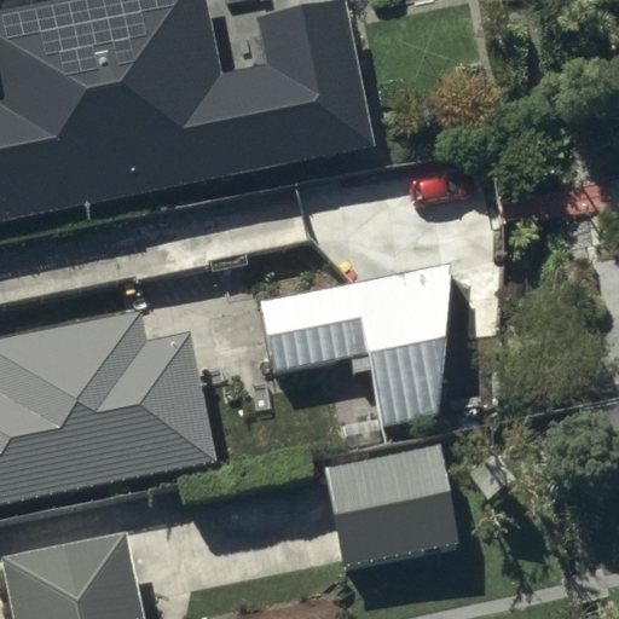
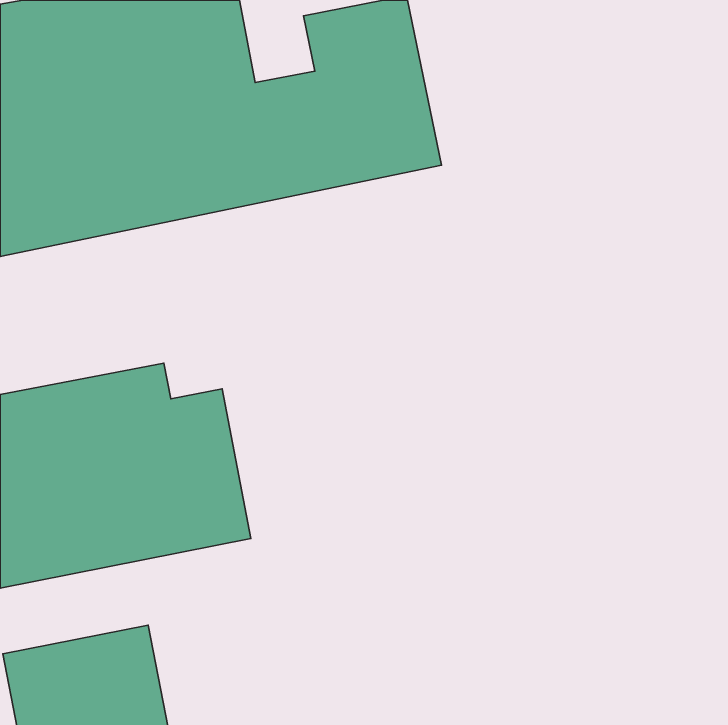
building: [261,262,450,422] -> none
building: [323,442,462,572] -> none

